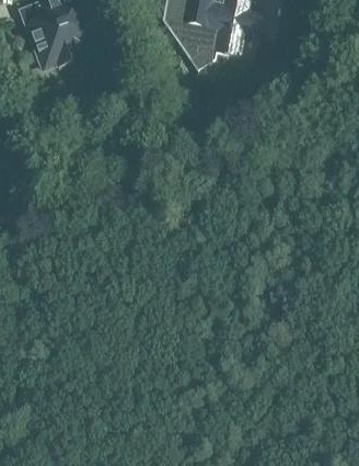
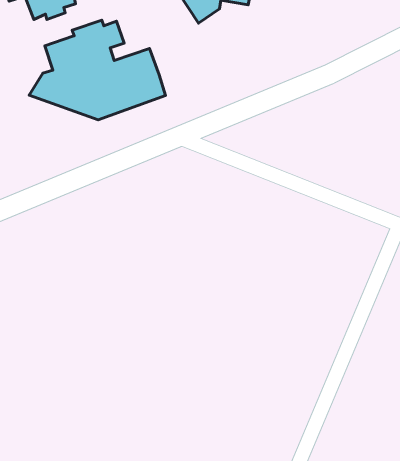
building: none -> [29,20,165,120]

